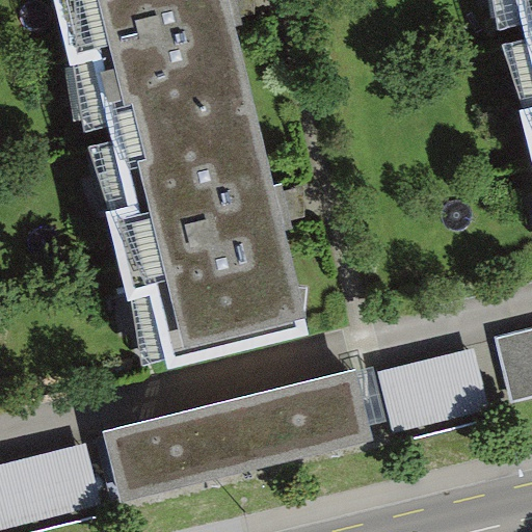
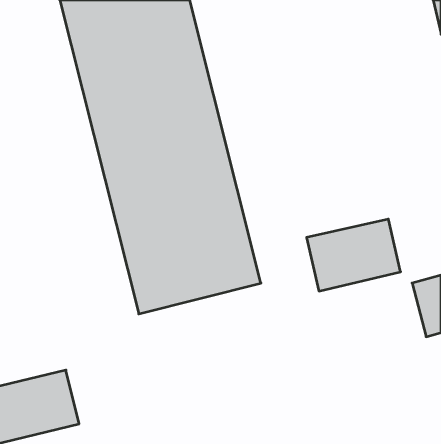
building: [370,350,481,435] -> [307,219,401,291]
building: [97,363,366,496] -> none

